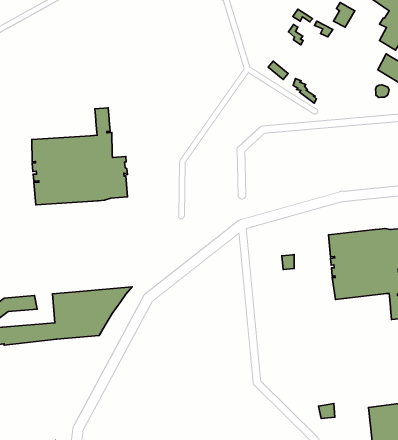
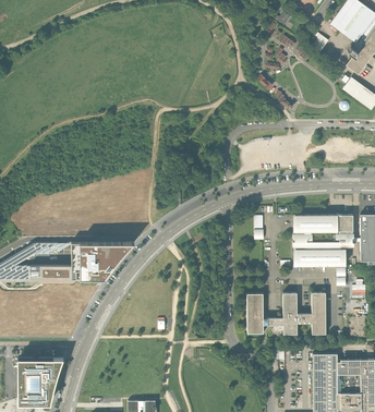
building: [32,108,128,205] -> none
building: none -> [246,293,325,335]

